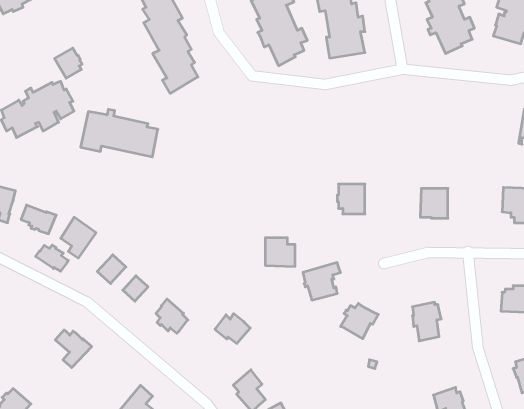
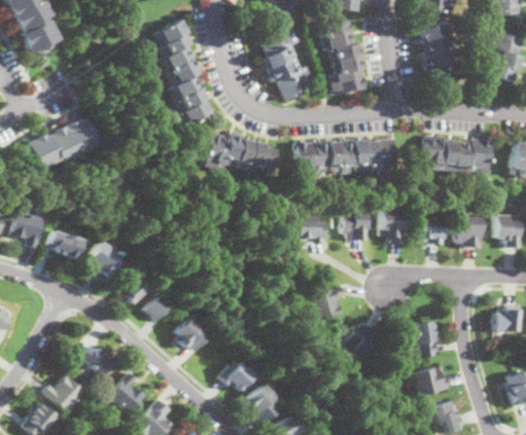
building: [55,48,82,78] -> none
building: none -> [426,135,493,174]
building: none -> [296,137,397,175]
building: [81,109,158,157] -> [207,131,279,175]
building: none -> [381,209,407,243]
building: none -> [455,213,483,247]
building: [265,238,295,266] -> [299,215,326,242]
building: [36,245,68,271] -> none
building: [215,314,250,343] -> [219,362,252,390]
building: none -> [414,364,451,395]
building: none -> [109,371,145,412]
building: none -> [45,375,85,410]

